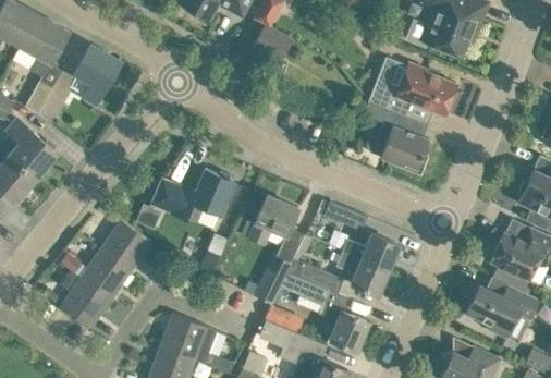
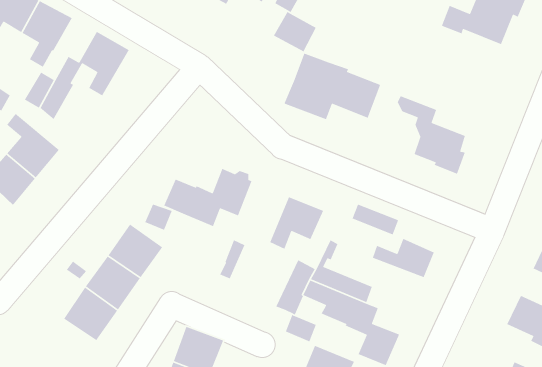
building: [367,54,456,117] -> [284,52,381,120]
building: [335,252,390,295] -> none

